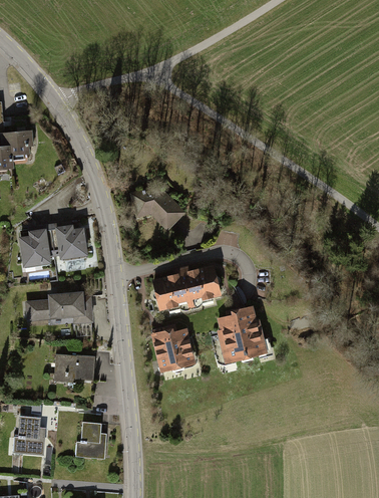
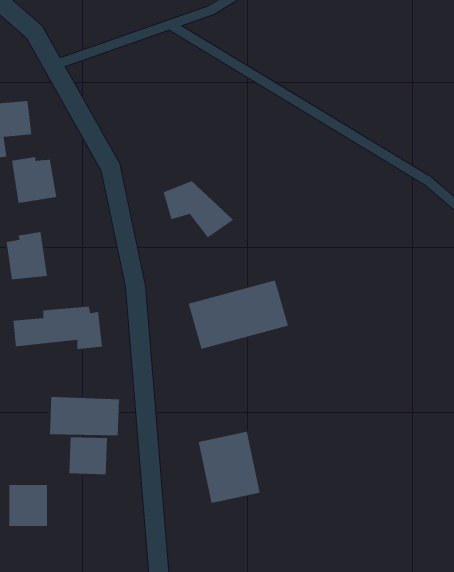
building: [48,223,83,259] -> [11,156,57,204]
building: [218,309,267,360] -> none
building: [152,325,201,381] -> [198,431,261,503]
building: [75,429,105,458] -> [68,437,108,475]

